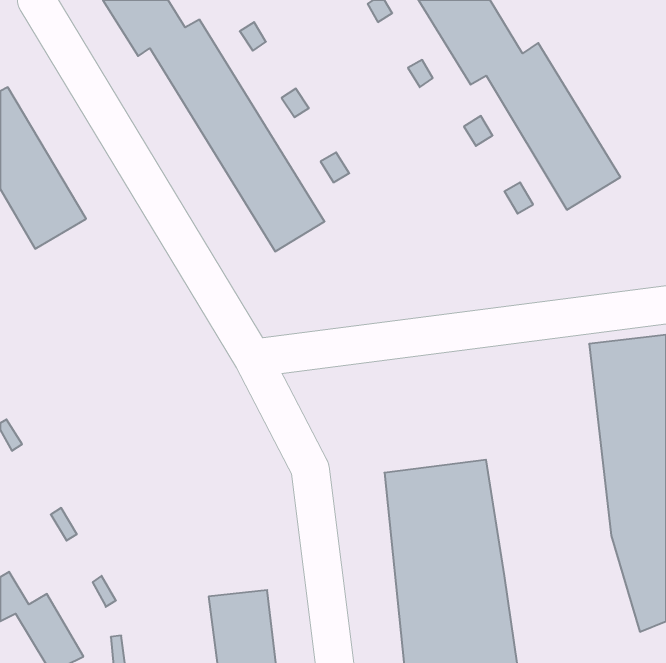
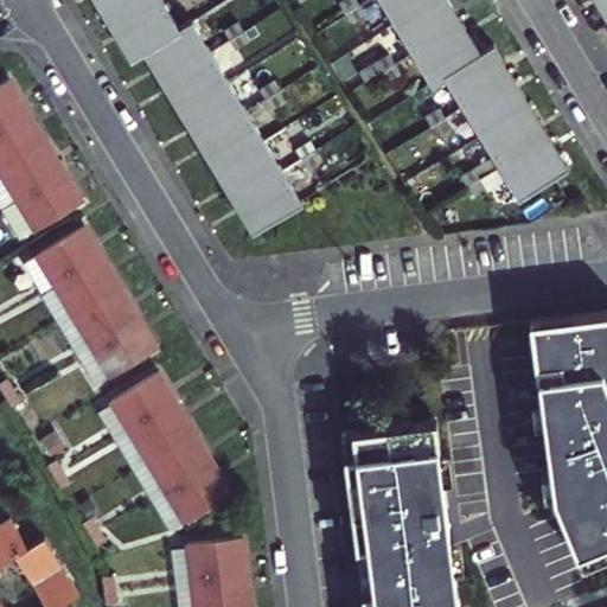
building: none -> [32,228,152,378]
building: none -> [106,376,225,528]

